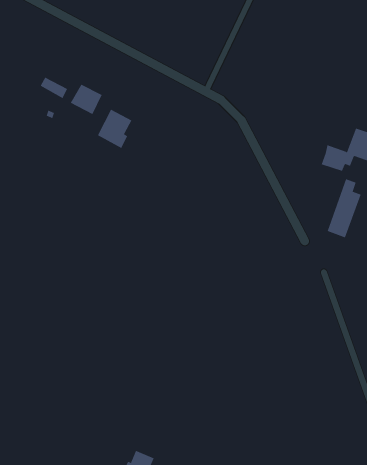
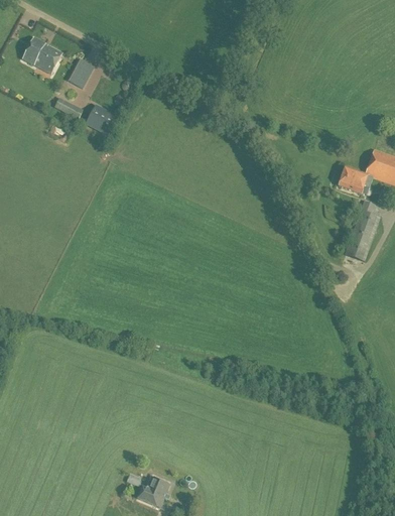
building: none -> [22,36,61,73]
building: none -> [65,59,94,88]
building: [97,109,132,149] -> none

